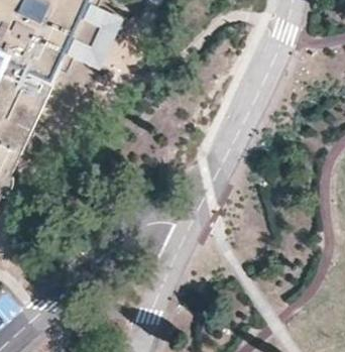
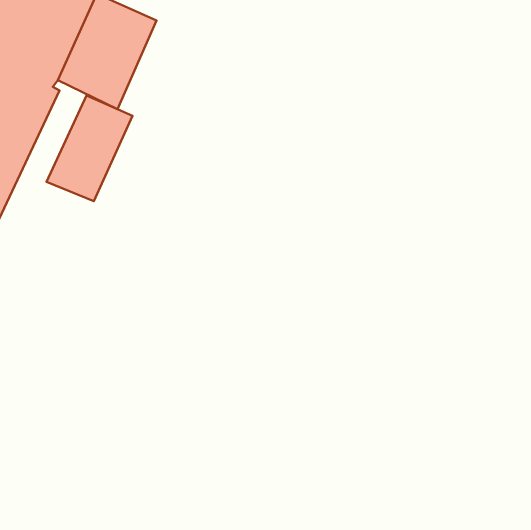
building: none -> [47,95,132,201]

